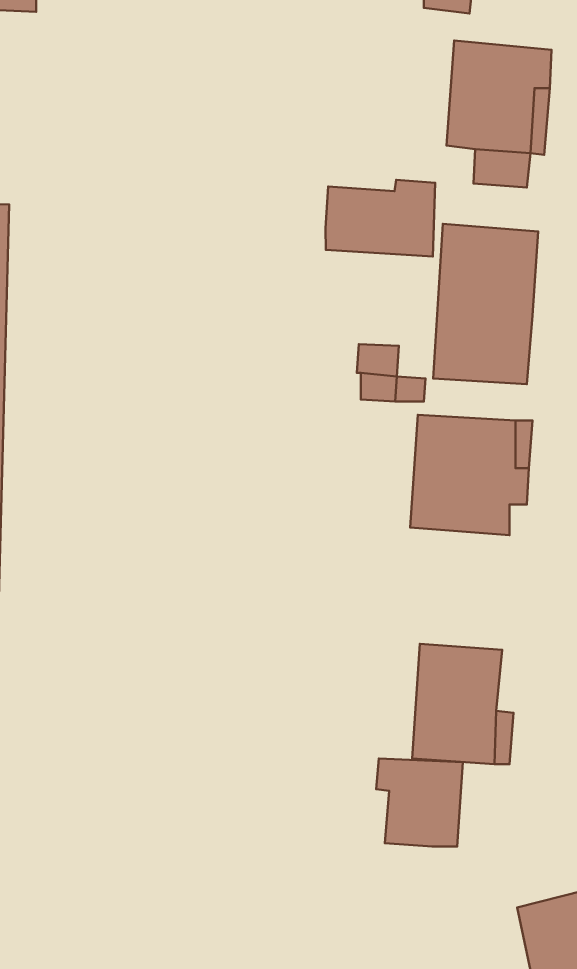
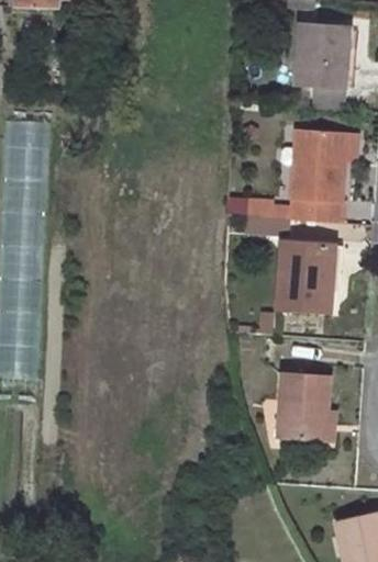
building: [325,180,435,257] -> none
building: [376,758,463,847] -> none

